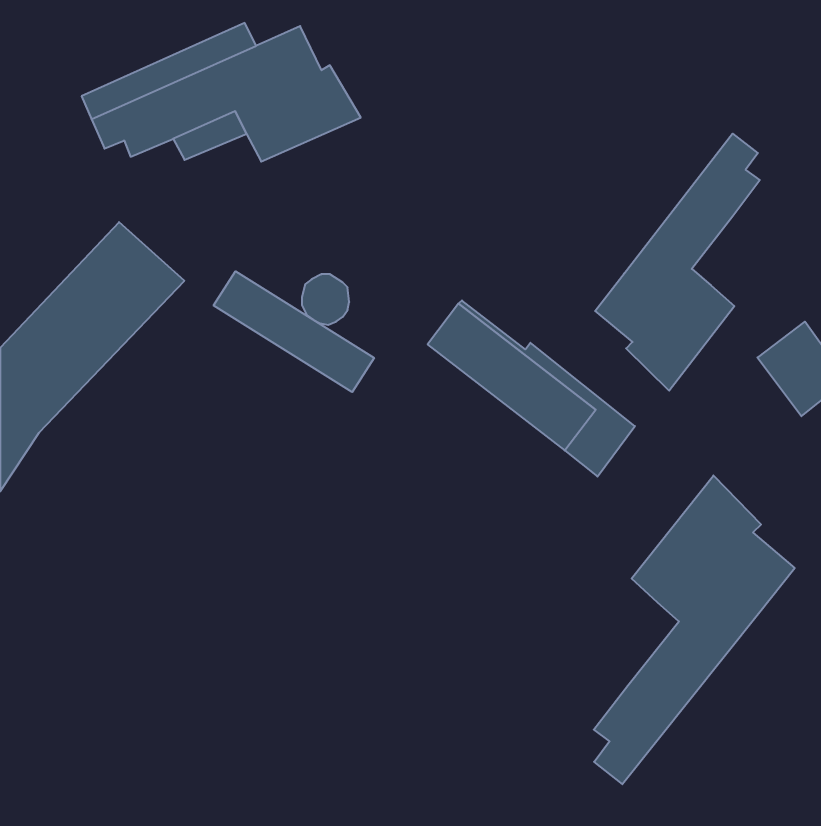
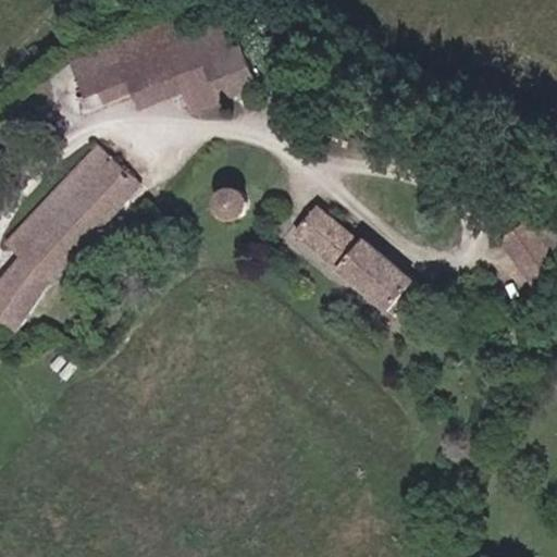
building: [595,134,760,391] -> none
building: [214,271,374,392] -> none
building: [594,475,795,784] -> none

